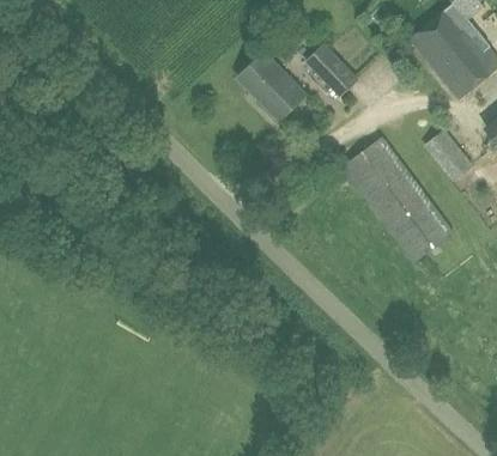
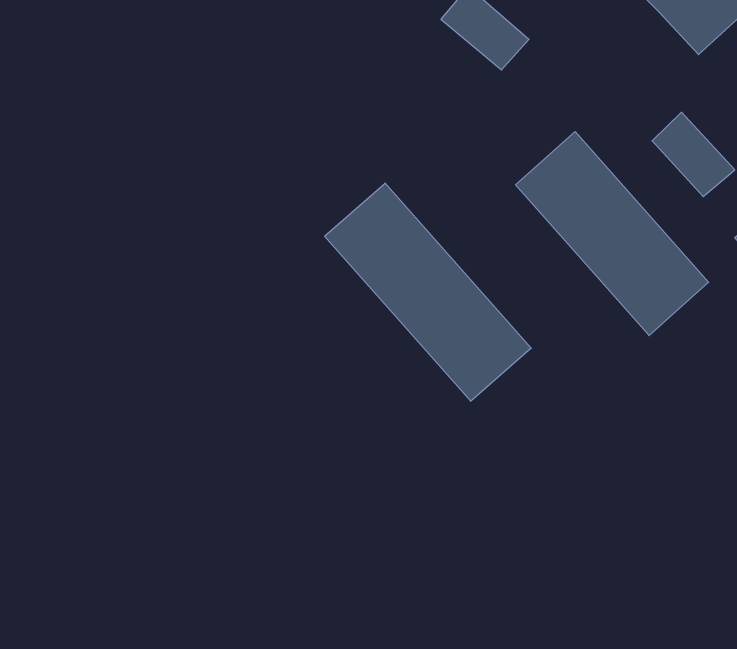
building: [236,53,305,122] -> none
building: none -> [325,183,531,401]

